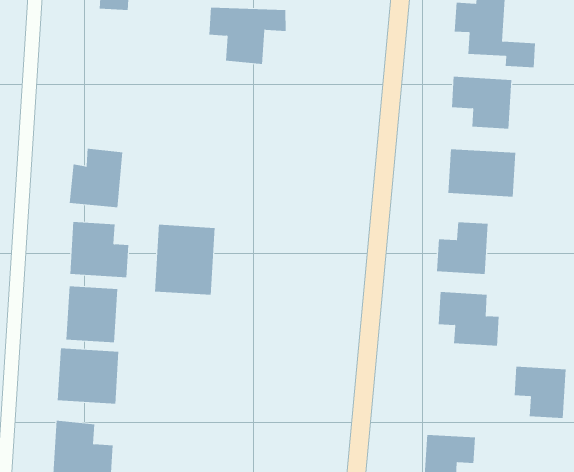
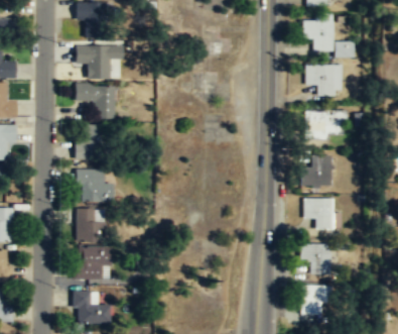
building: [209,7,286,65] -> [78,44,125,79]
building: none -> [76,83,114,118]
building: [154,224,215,295] -> none
building: [514,366,566,418] -> [300,244,331,274]

